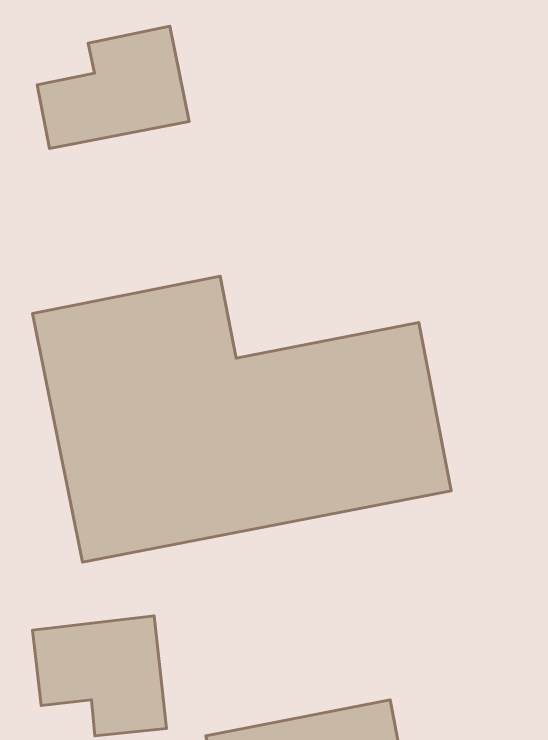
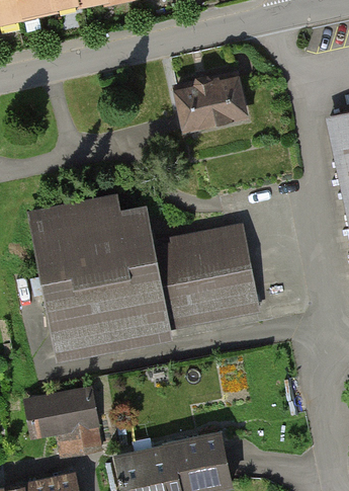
building: [37,26,189,149] -> none
building: none -> [165,78,239,133]

